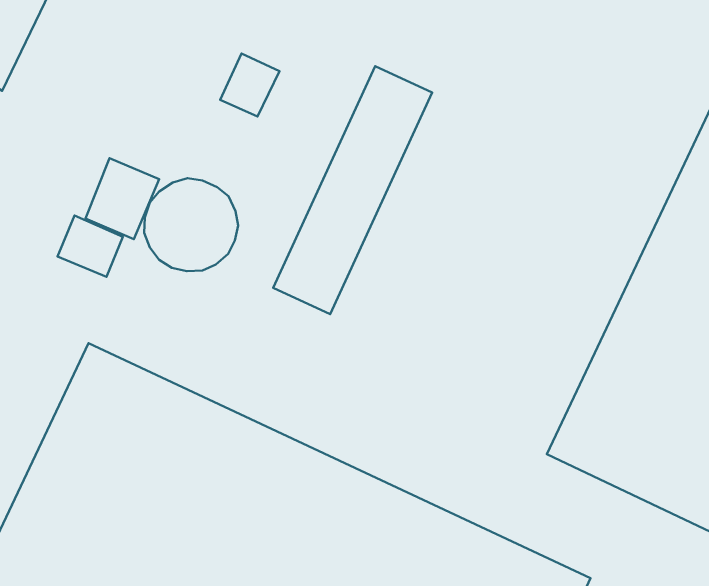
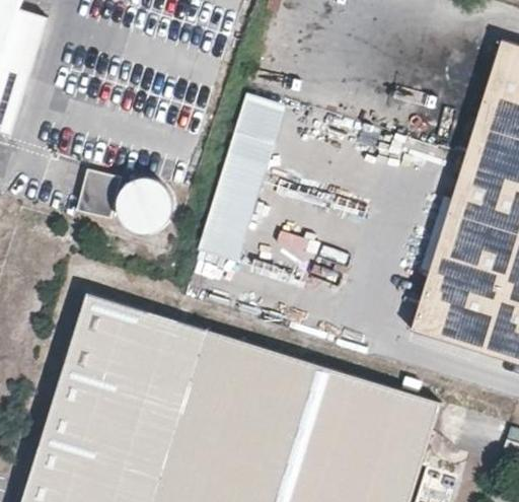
building: [220,54,279,117] -> none
building: [57,216,123,277] -> none

